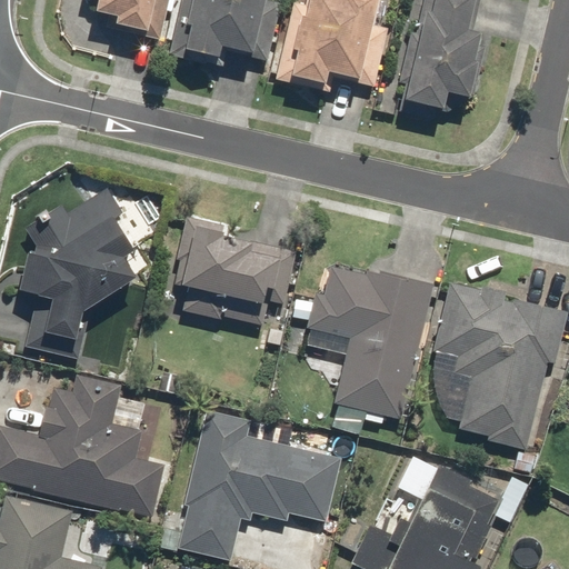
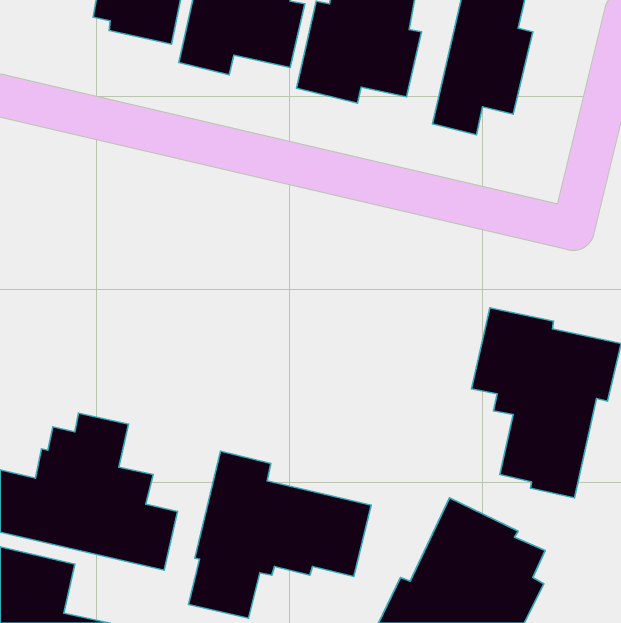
building: [12,187,142,359] -> none
building: [169,217,297,331] -> none
building: [302,260,432,421] -> none

